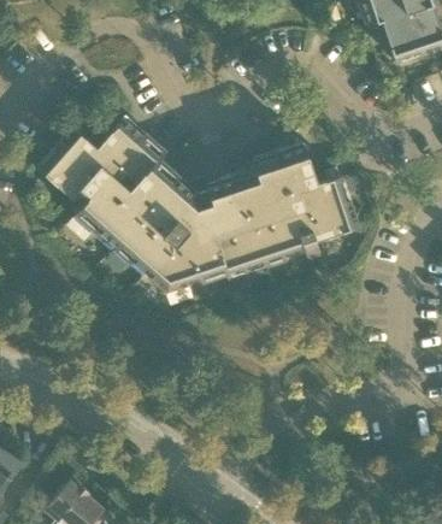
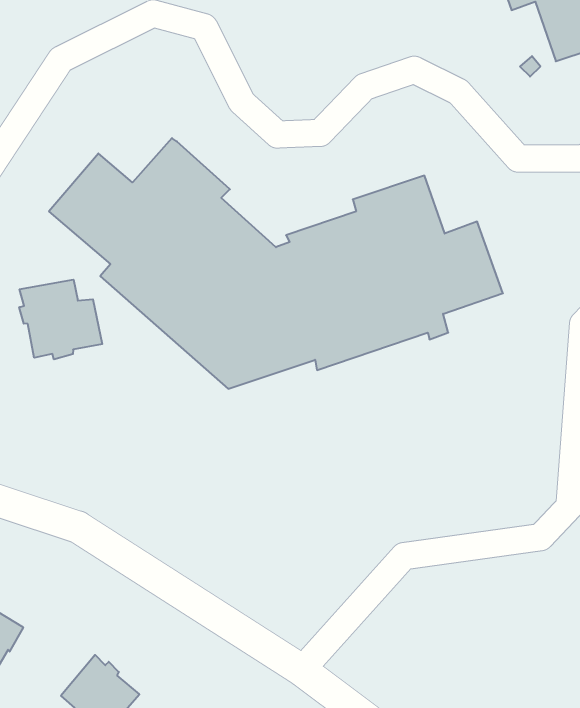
building: none -> [19,280,102,359]

